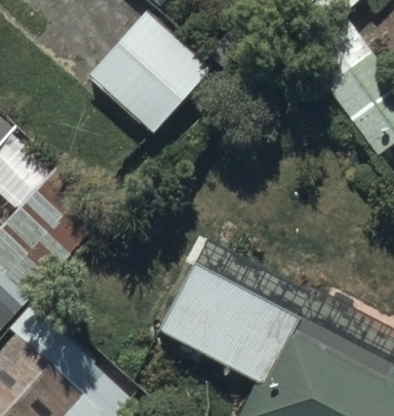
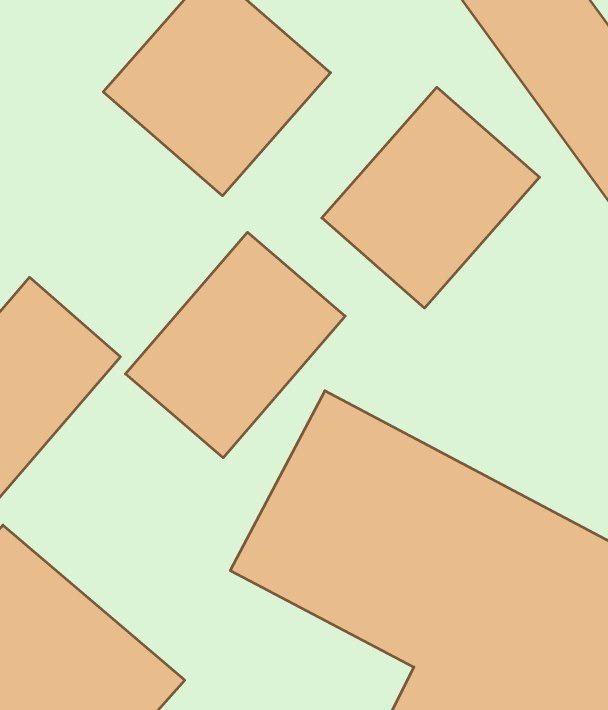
building: none -> [322,87,540,308]
building: none -> [125,232,345,458]

